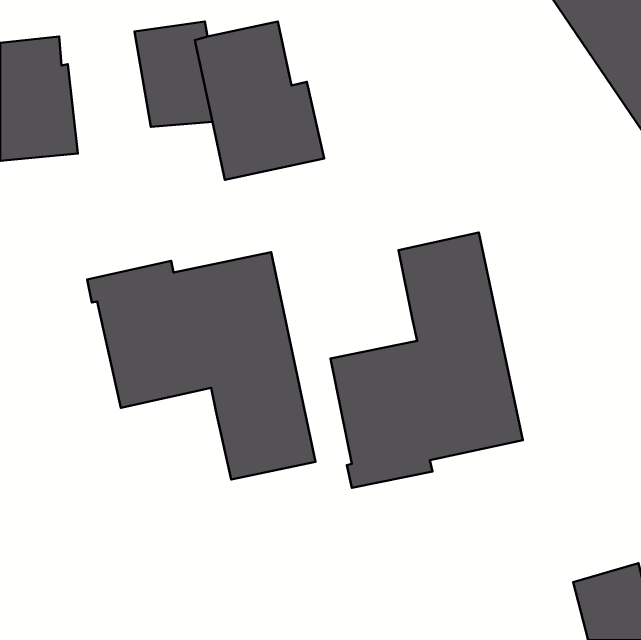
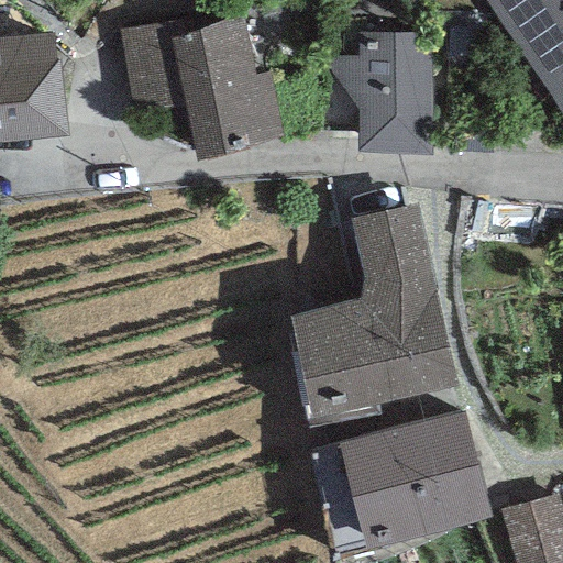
building: none -> [327,30,432,154]
building: [87,252,316,479] -> none
building: none -> [339,410,490,548]

